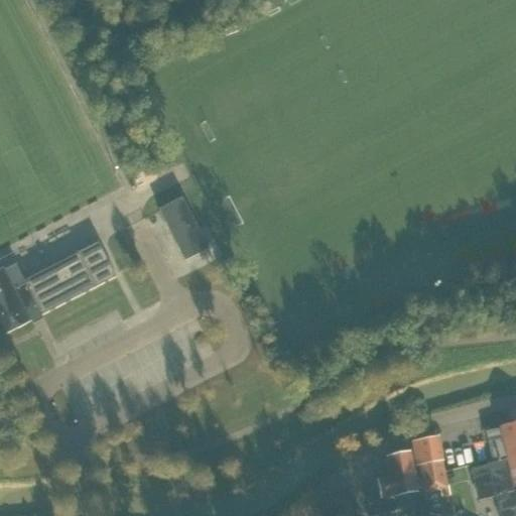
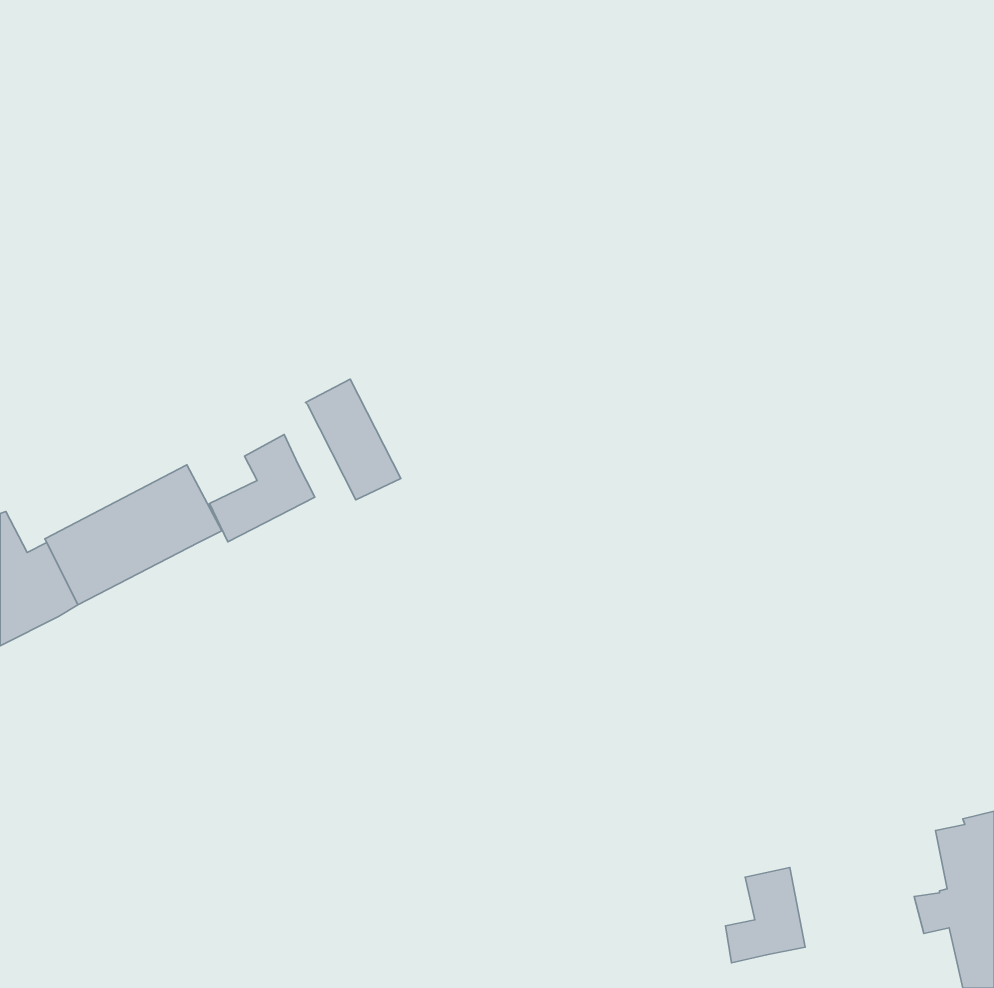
building: none -> [210,435,315,542]
building: [415,434,447,495] -> none

